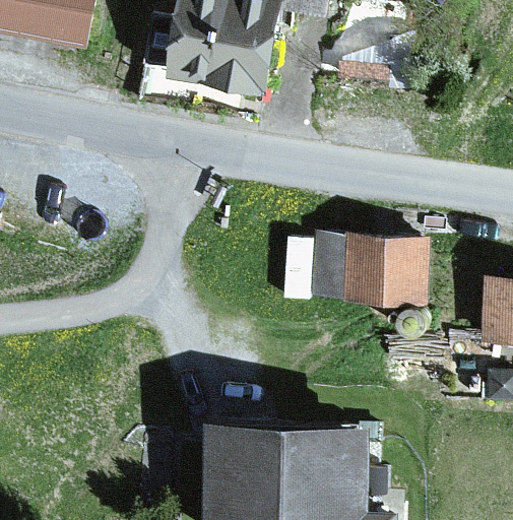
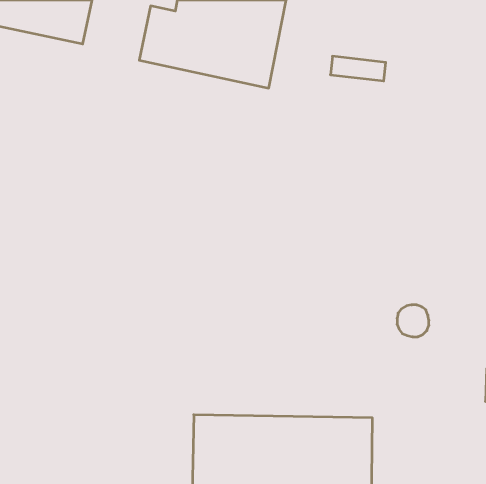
building: [306,229,431,307] -> none

